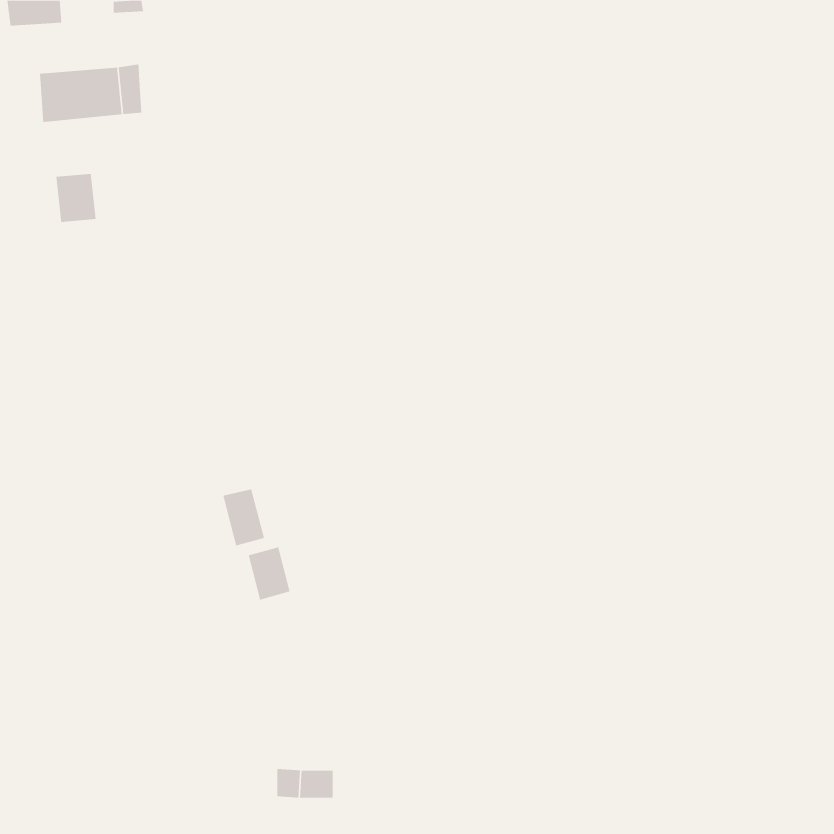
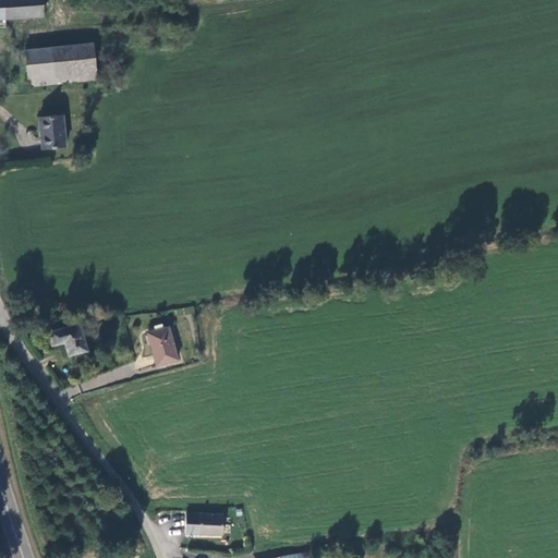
building: none -> [47,323,86,355]
building: [248,546,290,600] -> none

